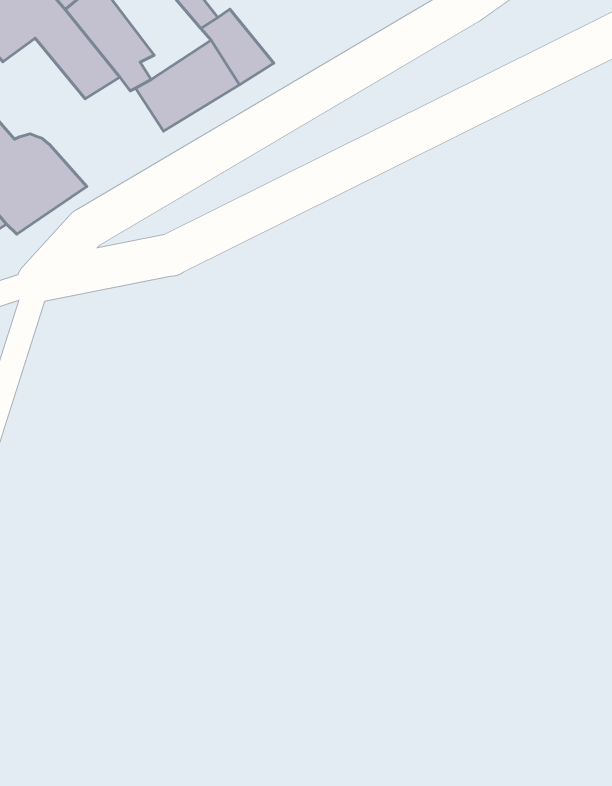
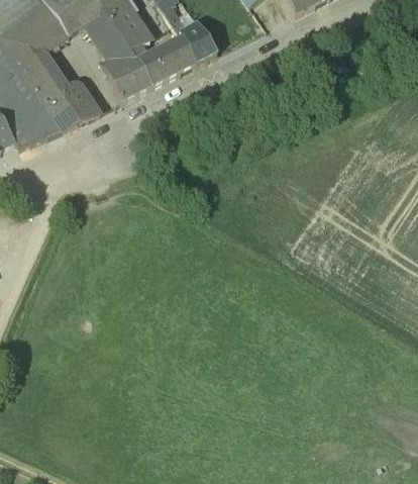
building: none -> [109,60,149,98]

